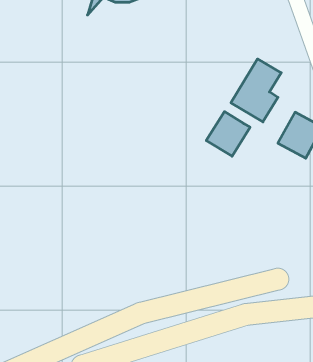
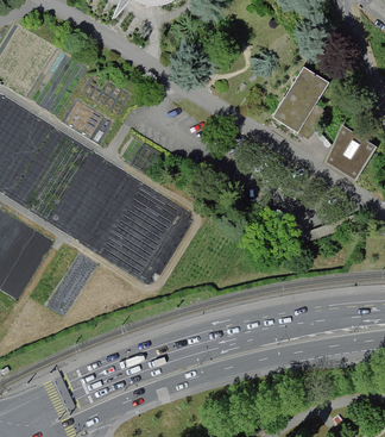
building: [206,112,250,156] -> none

